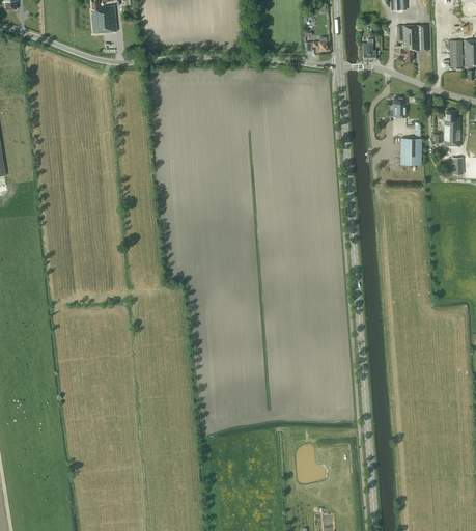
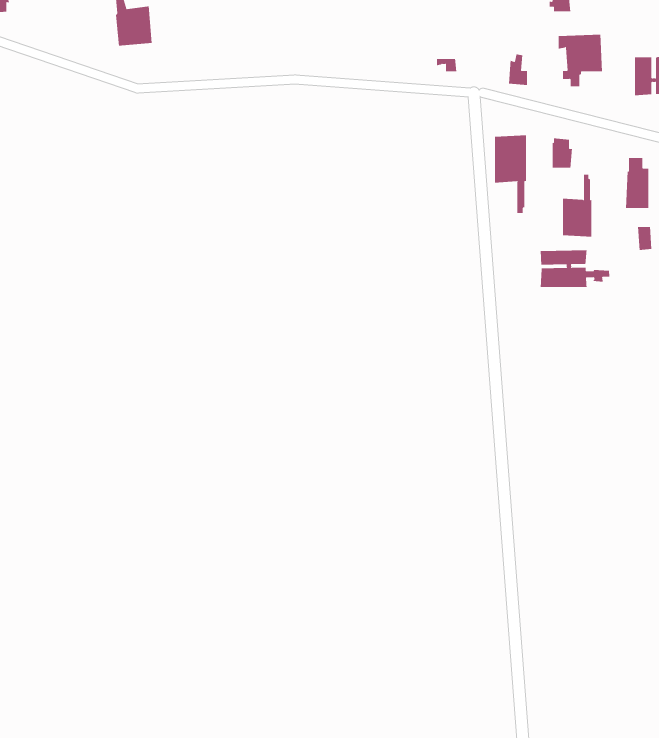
building: none -> [494,134,527,214]
building: none -> [540,249,610,288]

